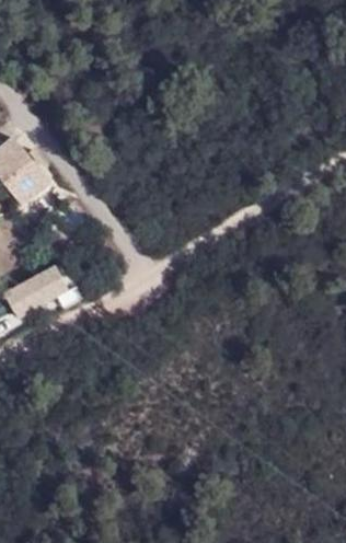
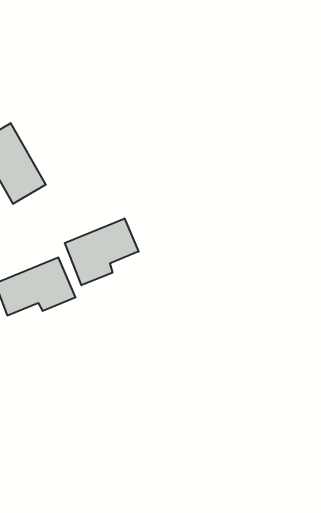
building: none -> [65,218,139,285]

